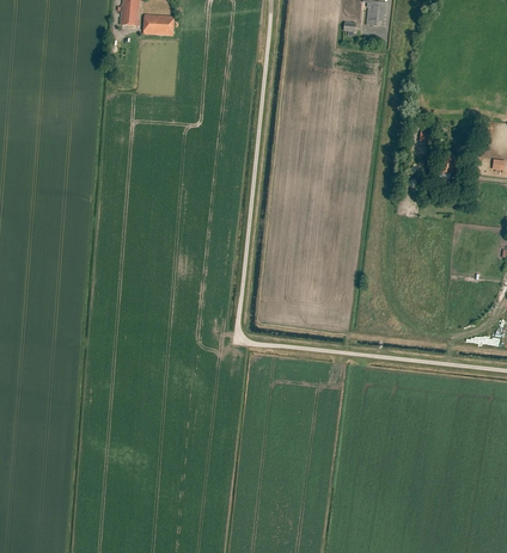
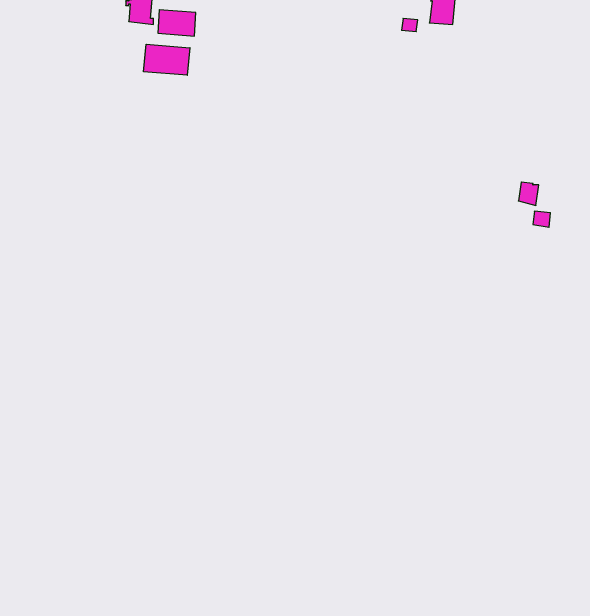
building: none -> [144,44,190,75]

